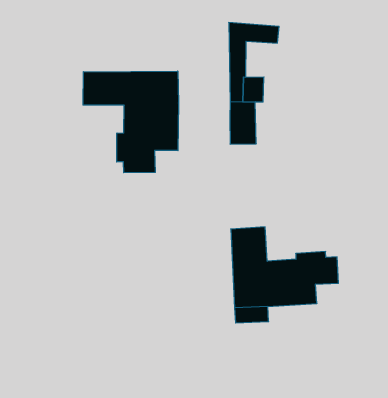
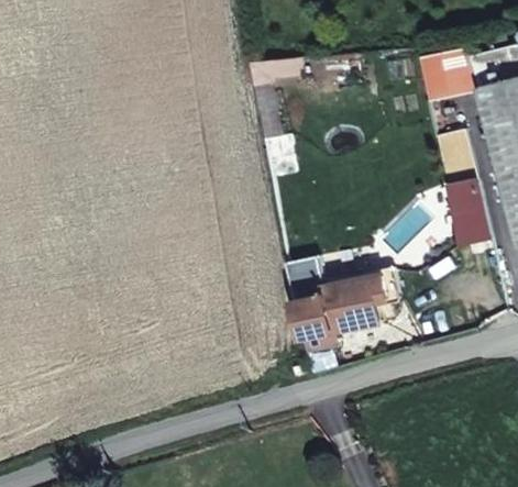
building: [83,71,178,173] -> none

